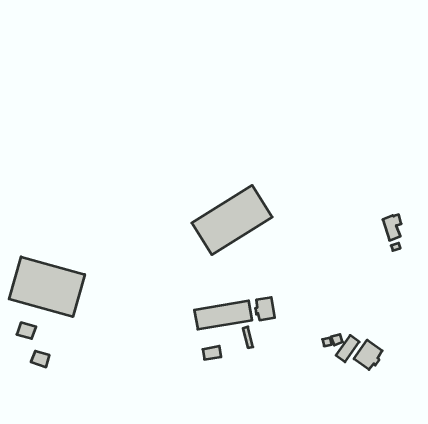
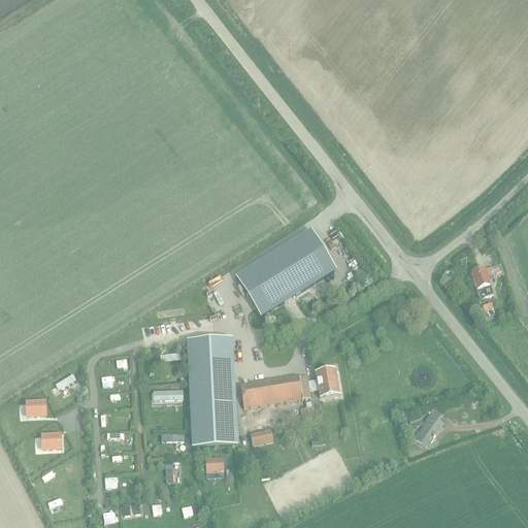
building: [9,257,85,317] -> none
building: none -> [186,336,237,447]
building: [354,340,382,370] -> none

